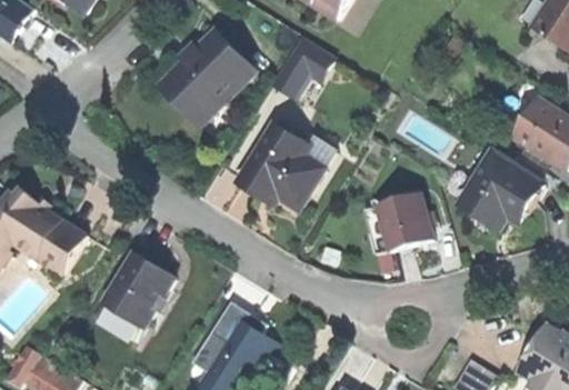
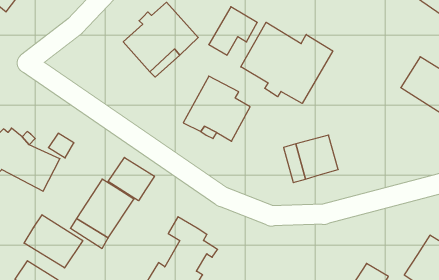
building: none -> [241,22,333,103]
building: [460,152,542,227] -> none
building: none -> [108,157,154,201]
building: none -> [24,215,83,268]

